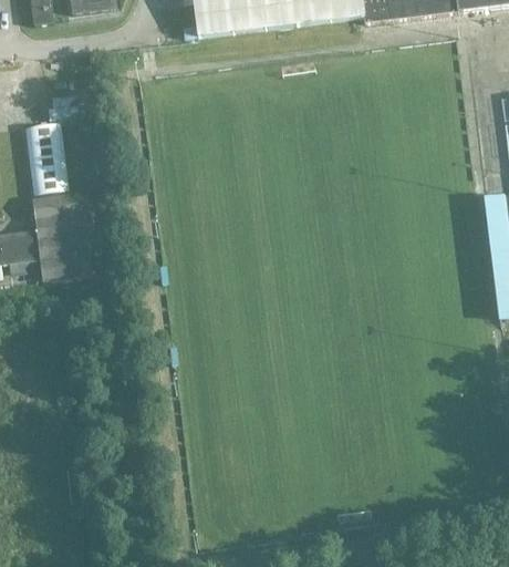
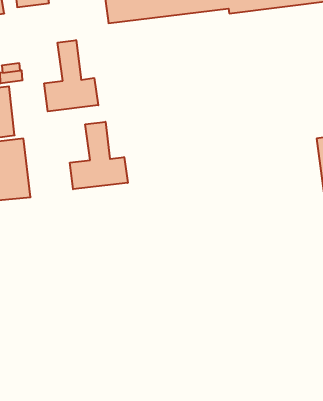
building: none -> [44,40,98,111]
building: none -> [70,122,128,189]

